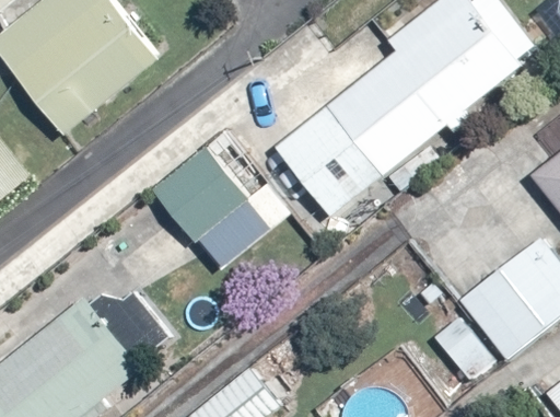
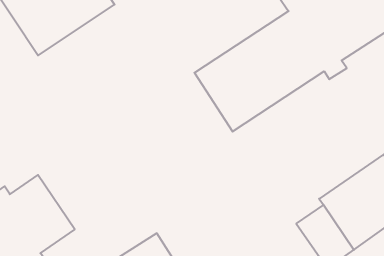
building: [152,131,290,273] -> none

